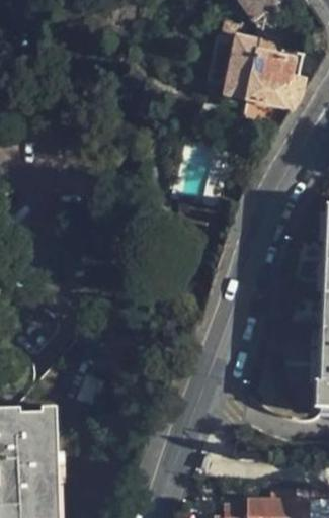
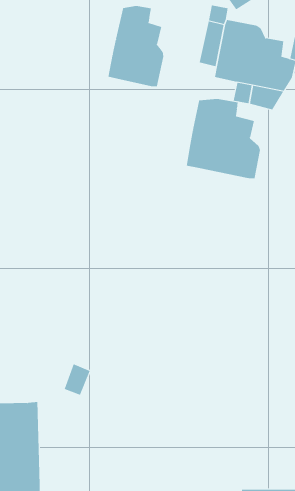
building: none -> [108,5,164,87]
building: none -> [186,98,261,179]

